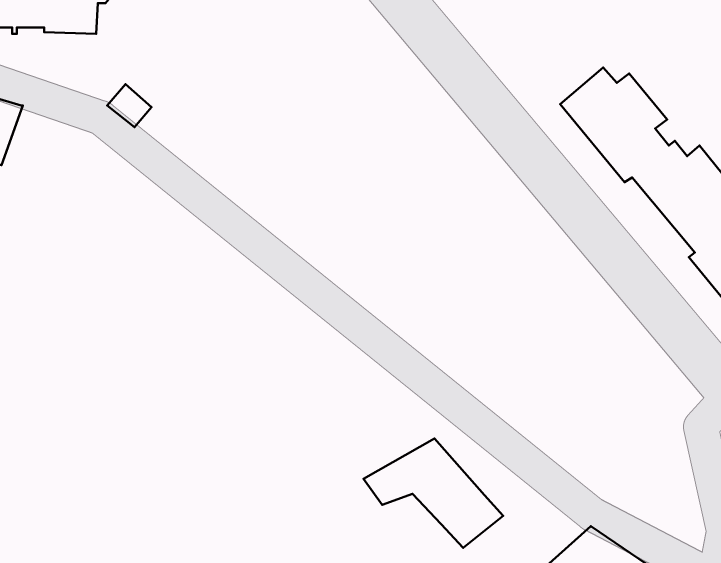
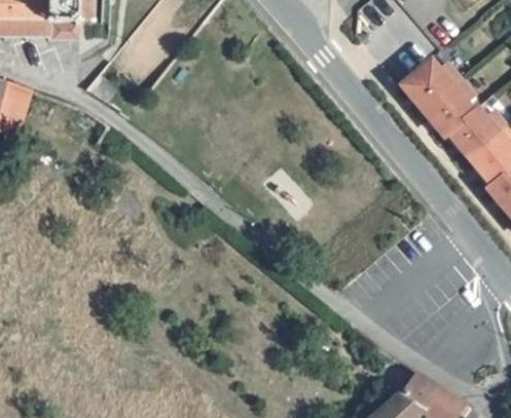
building: [363,438,503,548] -> none

